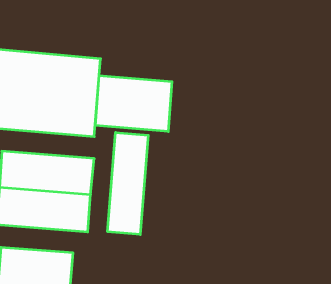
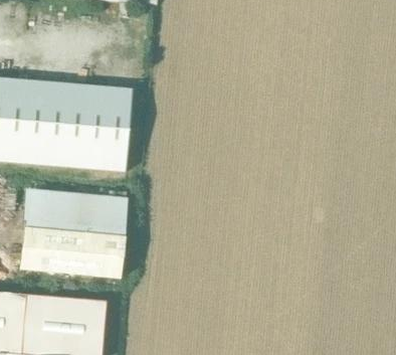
building: [95,75,172,132] -> none
building: [108,132,148,235] -> none

